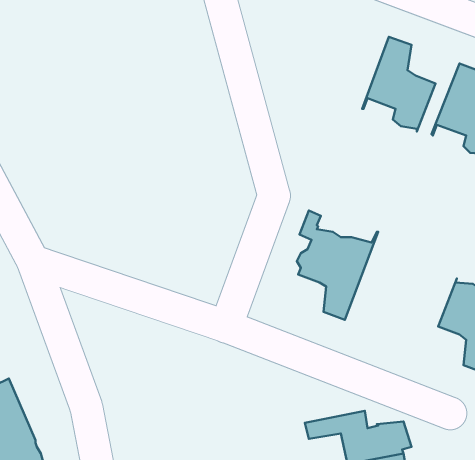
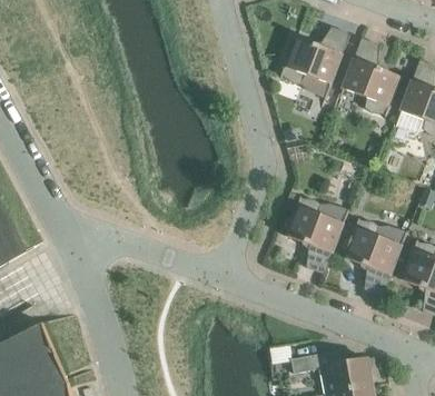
building: none -> [278,27,348,108]
building: none -> [342,217,408,296]

